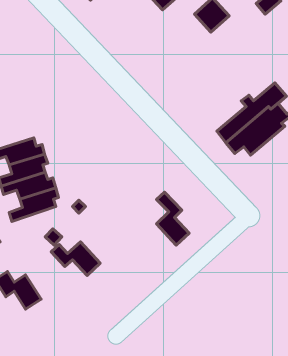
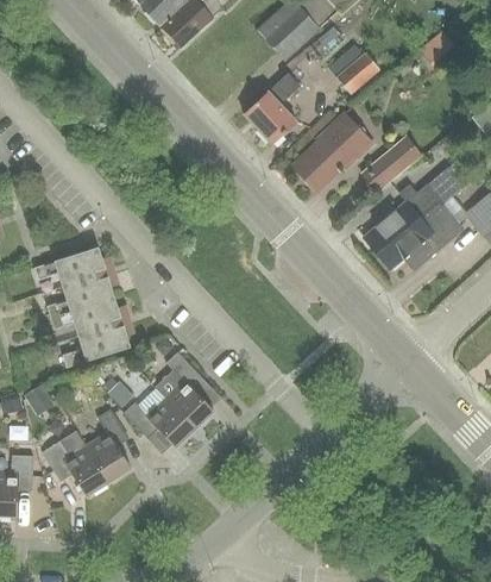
building: none -> [244,73,300,145]
building: none -> [291,113,372,193]
building: none -> [359,136,421,193]
building: [156,192,189,245] -> [165,351,213,428]
building: none -> [86,408,131,481]

